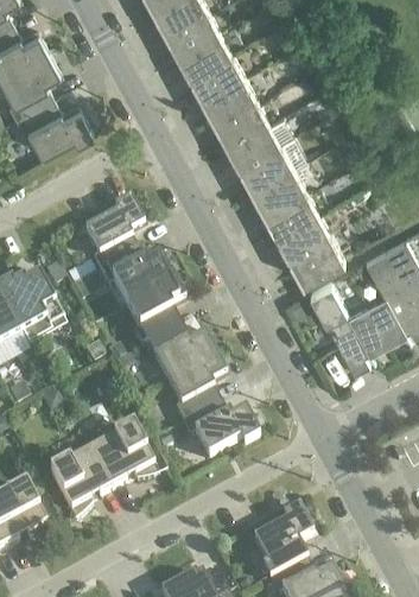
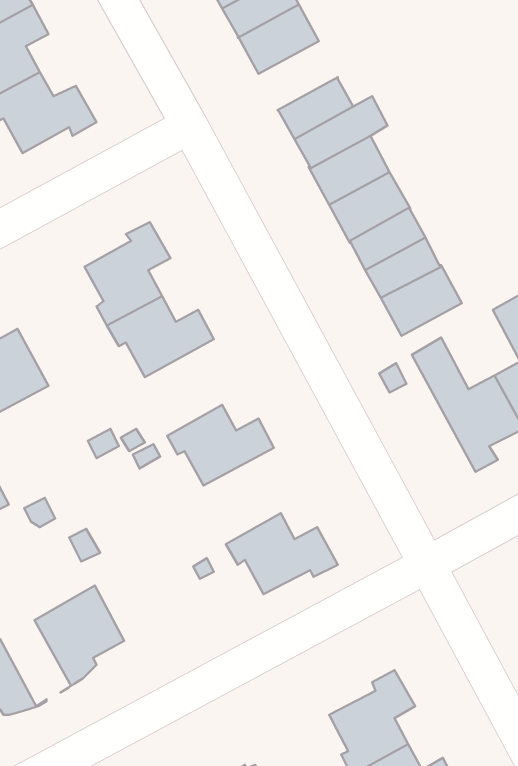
building: [201,72,256,121] -> none
building: [122,278,180,344] -> none
building: [163,353,222,419] -> none
building: [88,425,163,485] -> none

